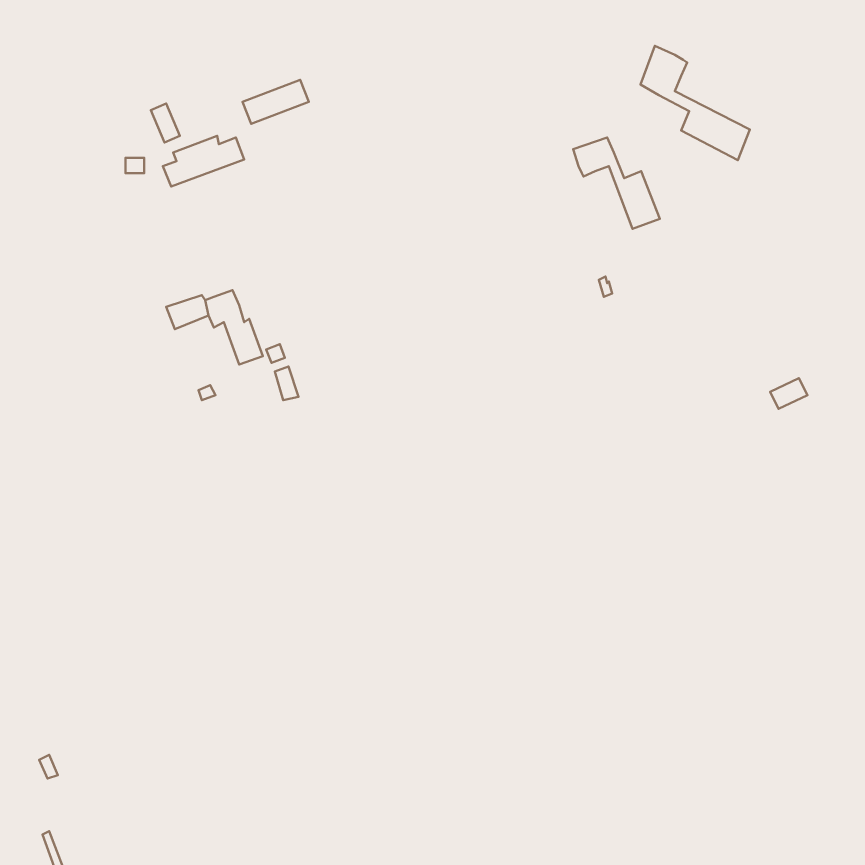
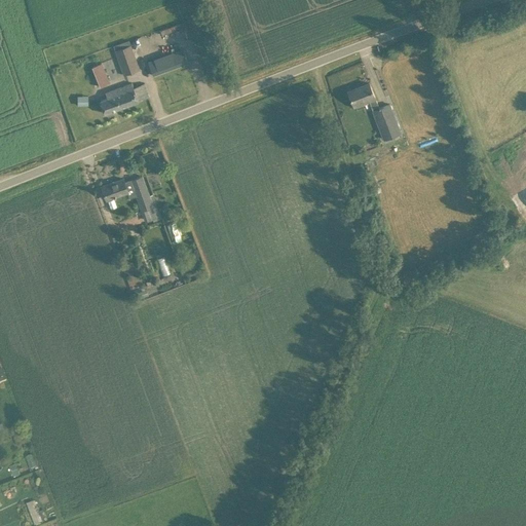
building: [641,46,750,160] -> none
building: none -> [114,45,139,76]

